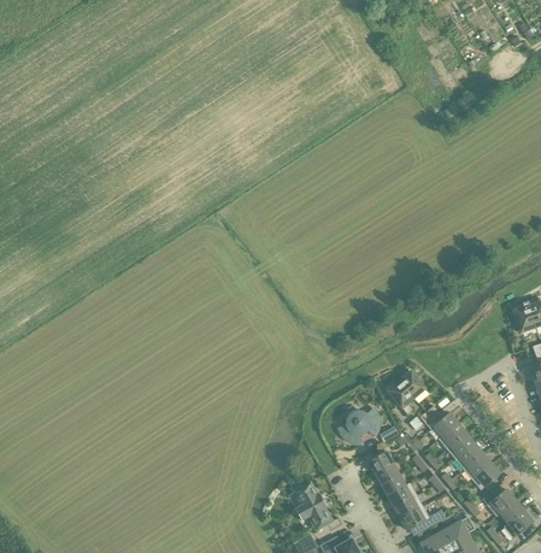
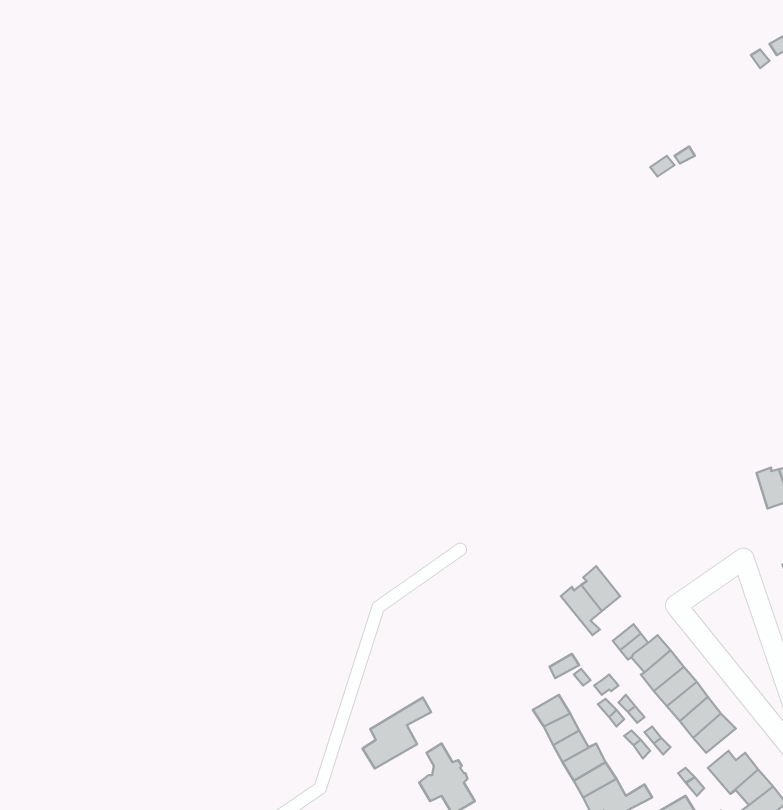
building: [339,408,380,443] -> none
building: none -> [362,697,431,768]

